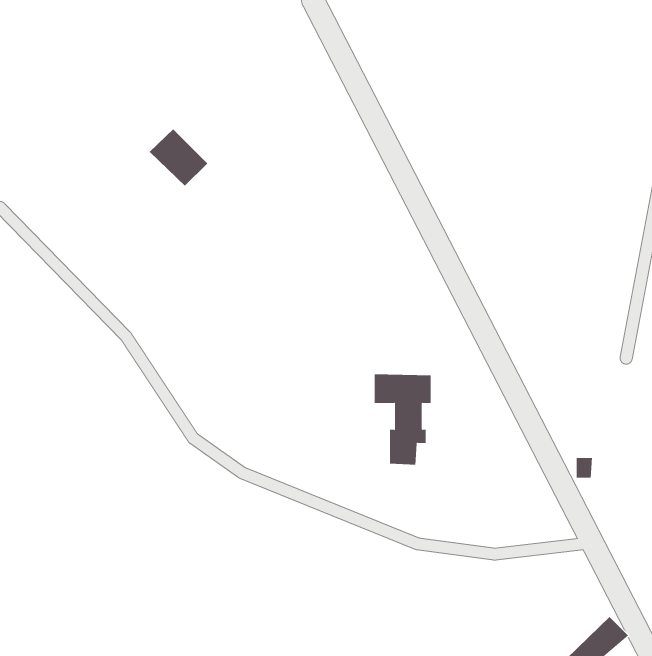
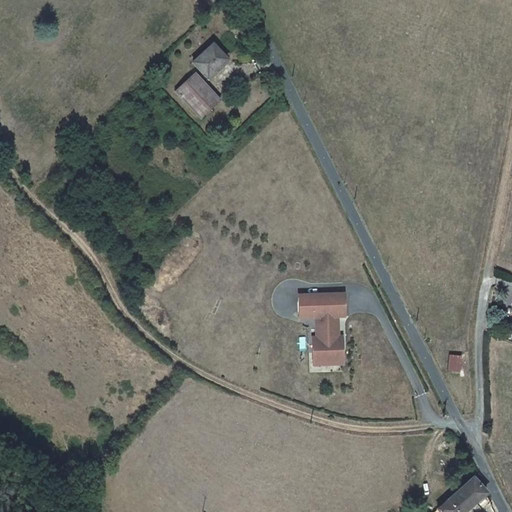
building: none -> [196,42,230,75]
building: [149,129,208,187] -> [178,71,224,116]

